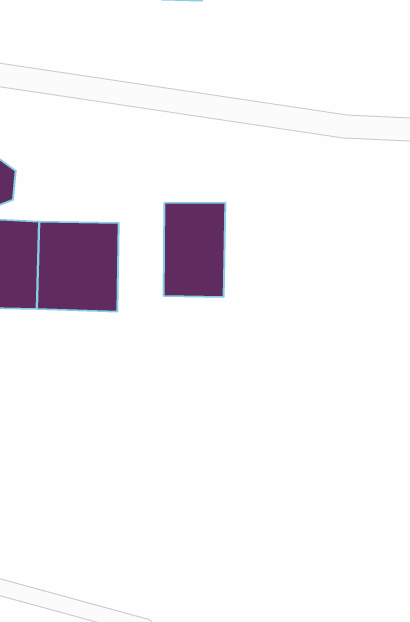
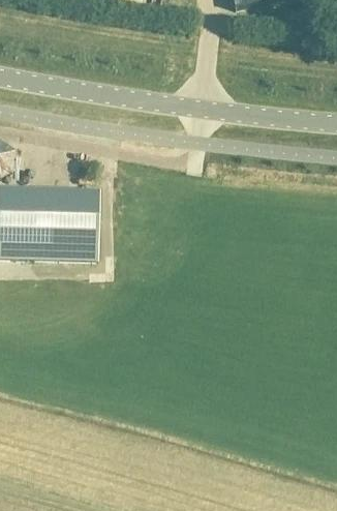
building: [164,203,225,297] -> none

